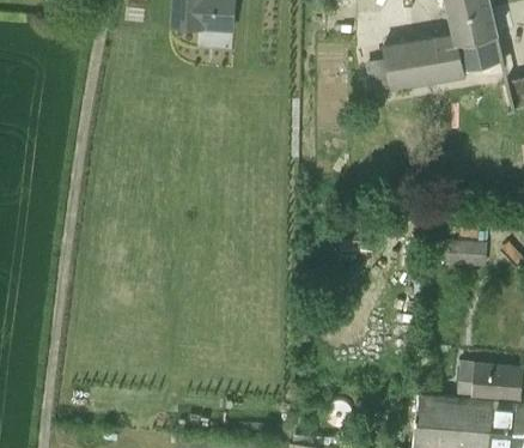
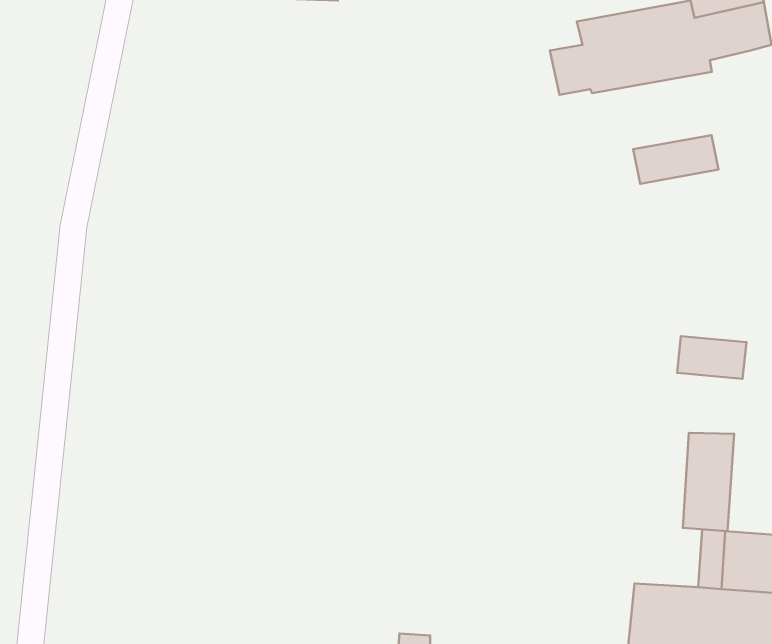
building: none -> [633,135,719,184]
building: none -> [683,433,734,531]

